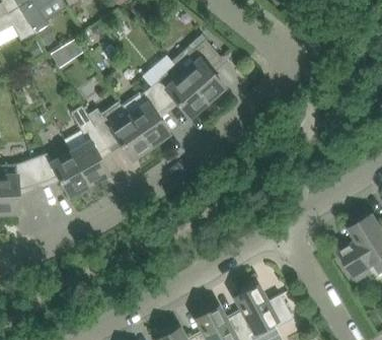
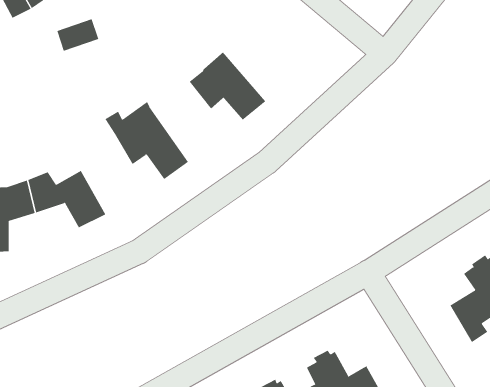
building: [171,37,223,103] -> none
building: [121,88,167,147] -> none
building: [70,107,107,186] -> none

